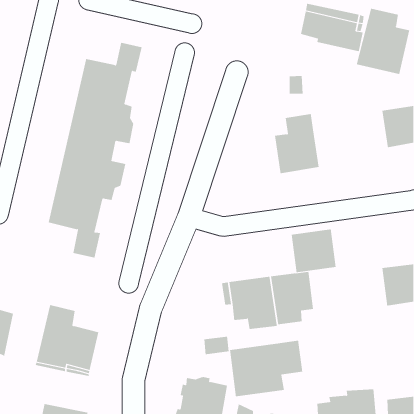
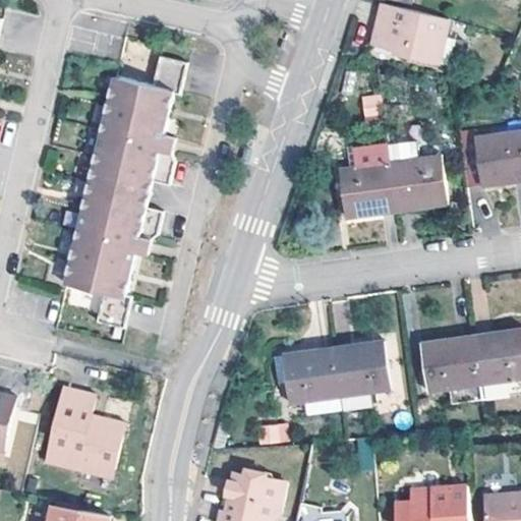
building: [356,8,410,75] -> none
building: none -> [393,156,451,211]
building: [291,229,337,273] -> [426,337,483,392]
building: [230,340,303,397] -> none

